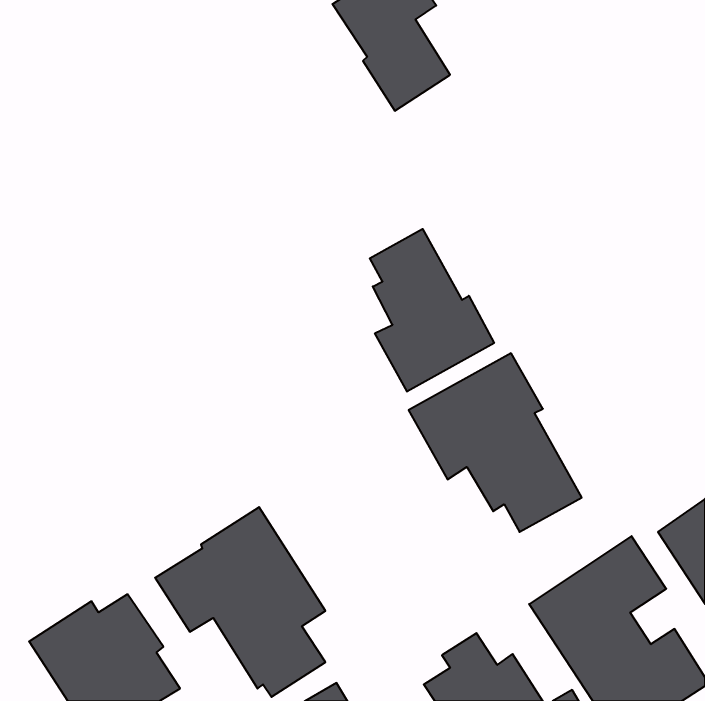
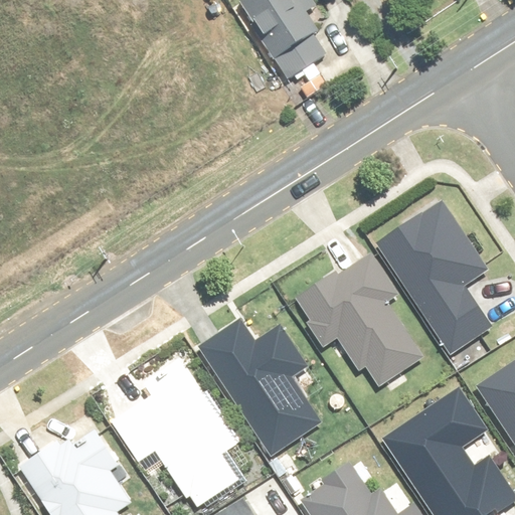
building: [370,229,494,392] -> none
building: none -> [377,202,489,355]
building: none -> [201,321,320,456]

